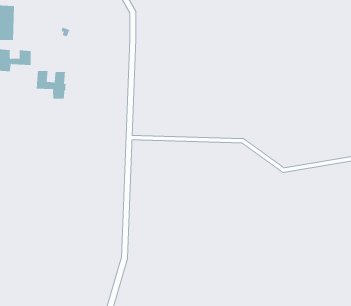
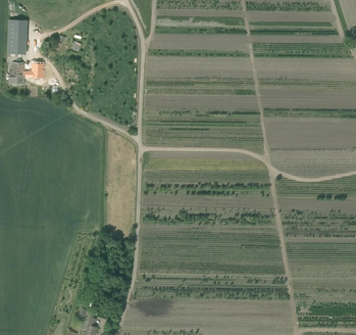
building: [36,70,66,100] -> none

